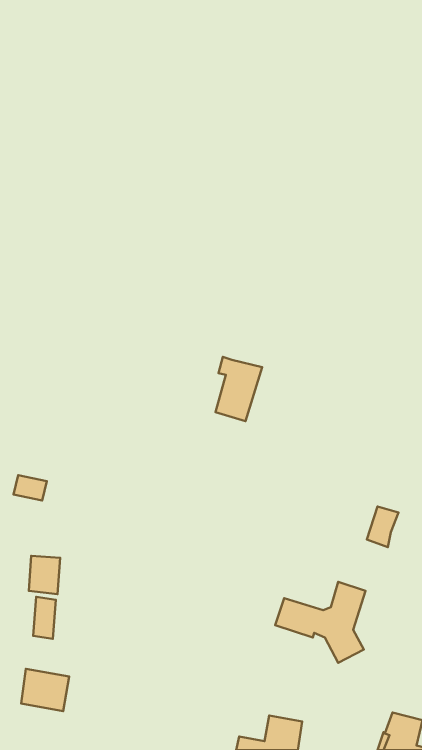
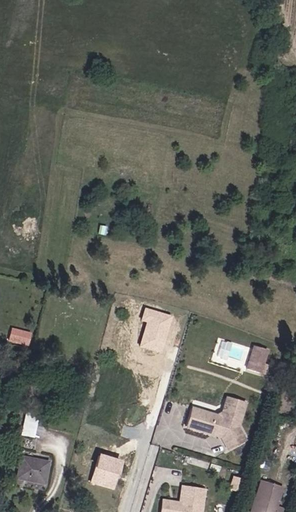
building: [215,357,262,421] -> [142,308,173,351]
building: [29,556,60,594] -> none
building: none -> [93,454,124,489]

